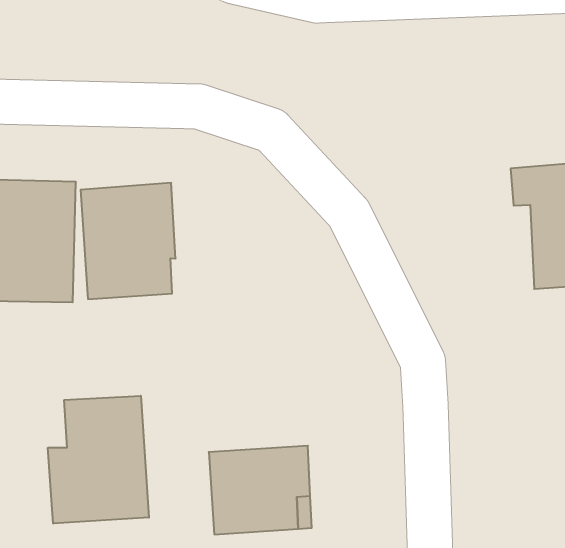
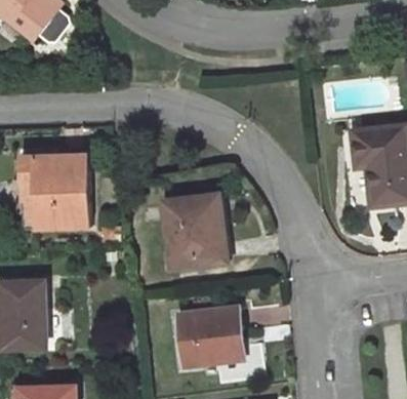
building: [81,183,176,299] -> [164,192,225,266]
building: [48,396,149,524] -> none

